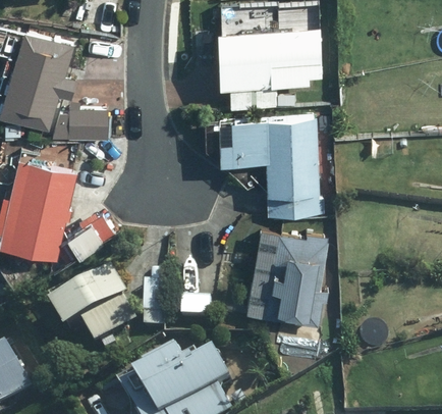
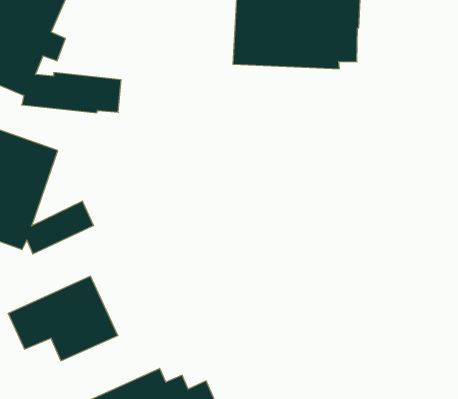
building: [218,115,325,218] -> none
building: [244,229,328,326] -> none

